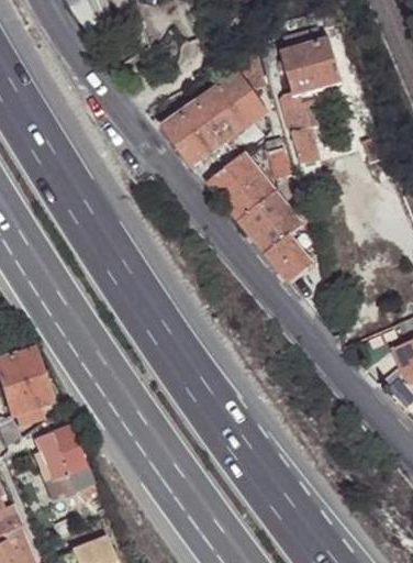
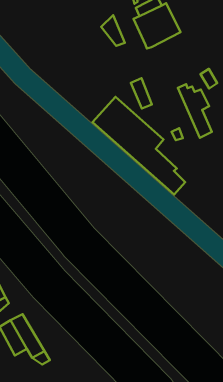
building: [161,70,264,165] -> none
building: [279,89,317,164] -> [178,84,212,138]

